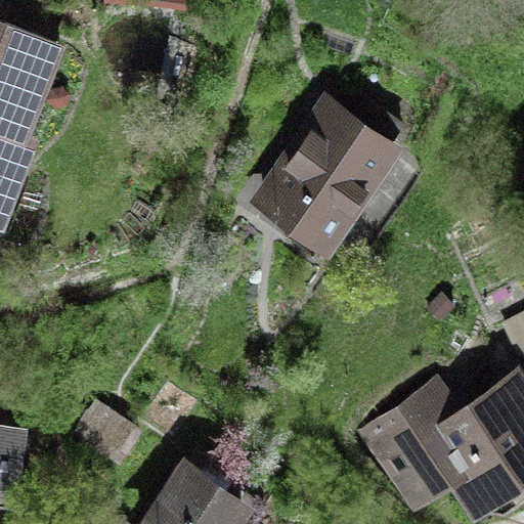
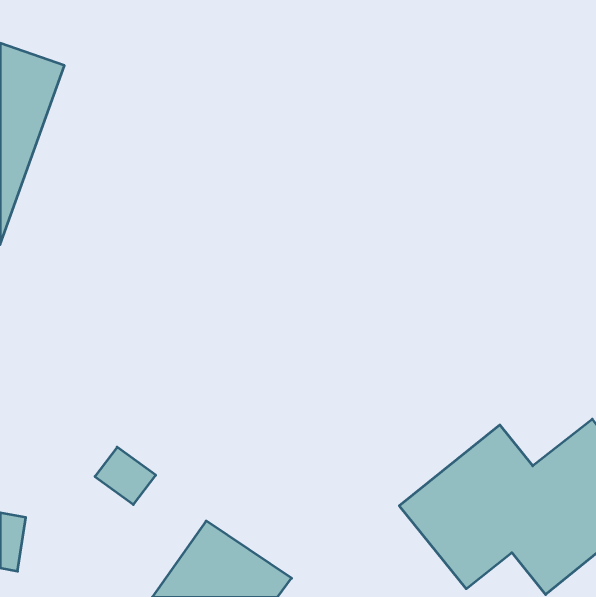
building: [246,98,408,270] -> none

